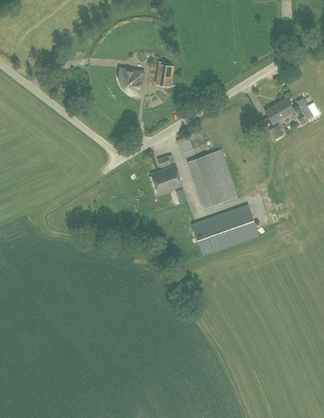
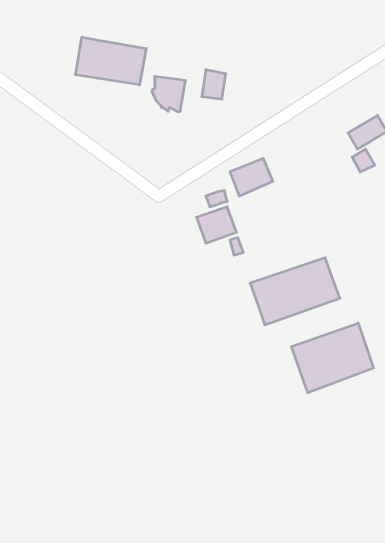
building: none -> [75,37,146,85]
building: [188,149,238,207] -> none
building: none -> [291,323,374,393]

